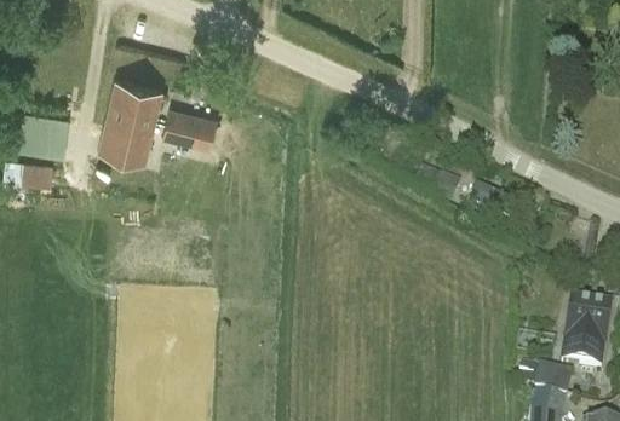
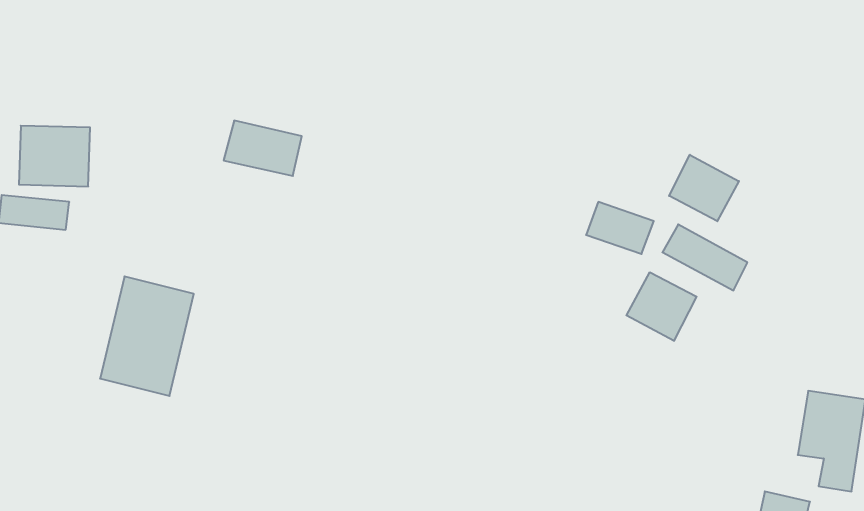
building: [98,80,163,163] -> [100,276,194,396]
building: none -> [669,155,739,221]
building: none -> [626,272,697,341]

